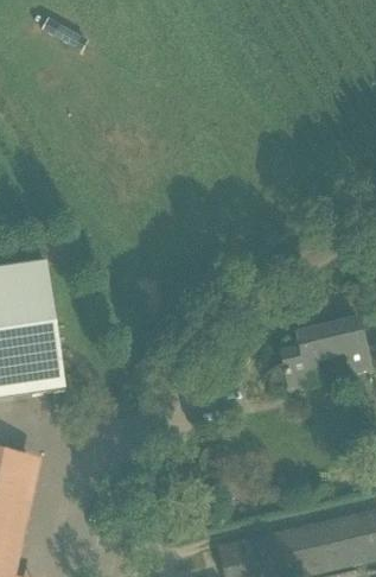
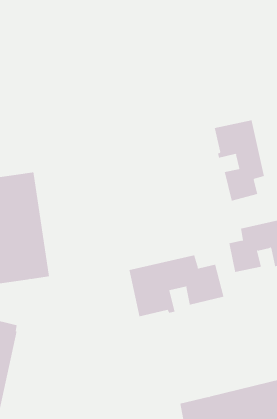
building: none -> [214,119,265,201]
building: none -> [129,255,224,317]

